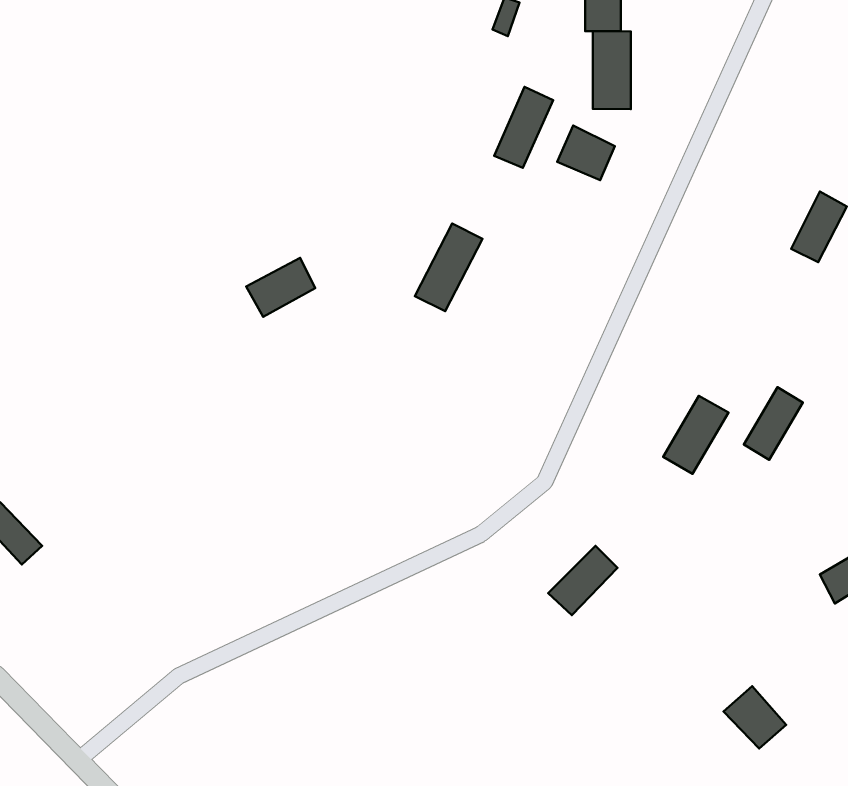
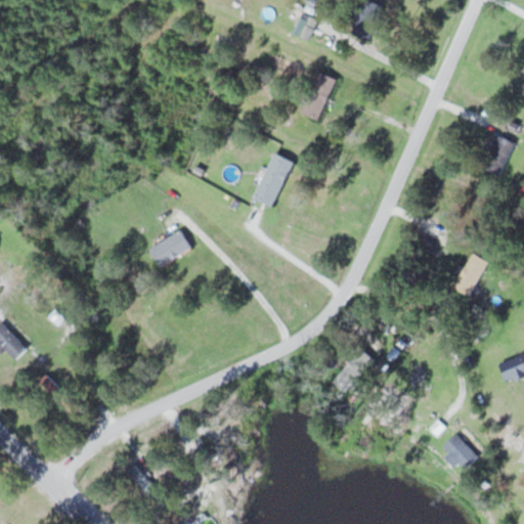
building: [593,31,631,109] -> none
building: [557,126,615,180] -> none
building: [246,258,315,317] -> [148,230,190,266]
building: [663,396,728,474] -> none

